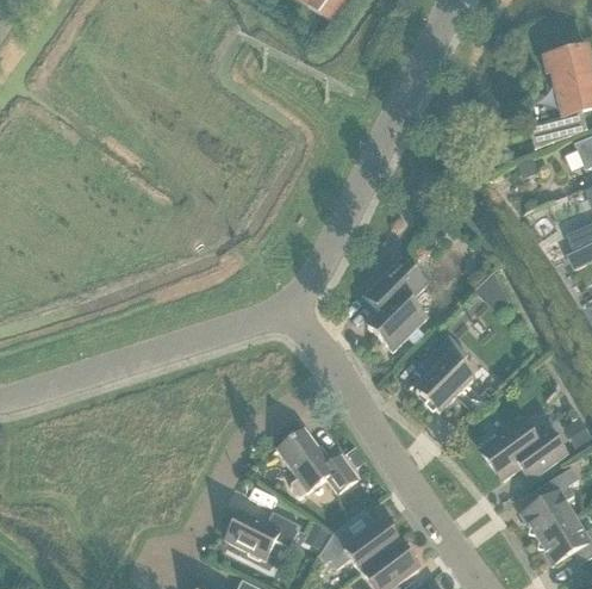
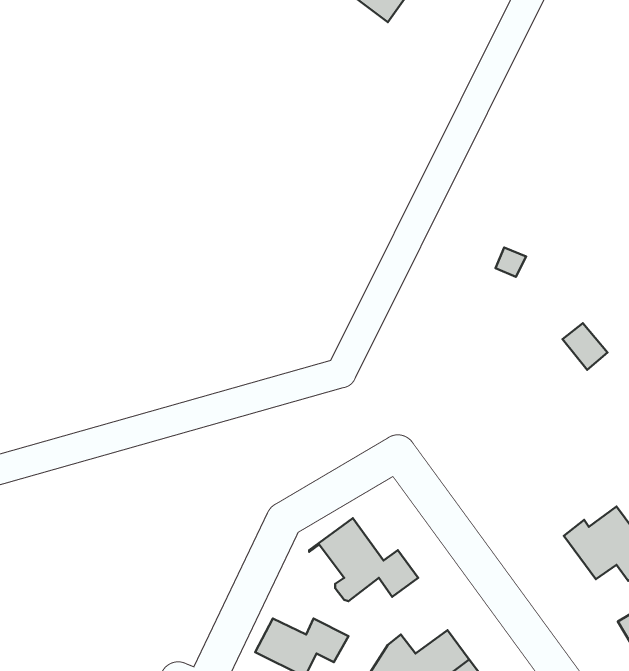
building: [364,256,426,349] -> none
building: [416,333,473,410] -> none

